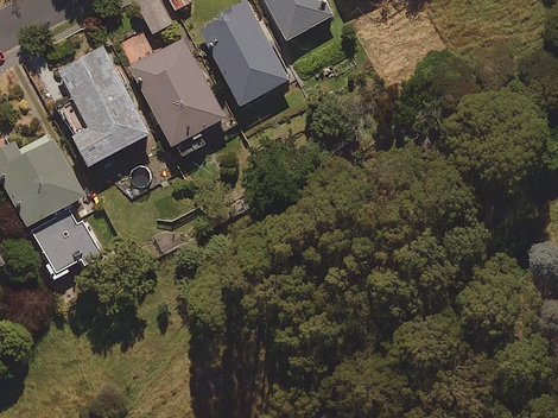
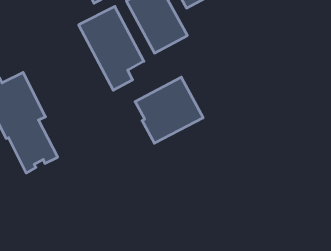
building: [56,45,148,166] -> none
building: none -> [135,77,203,143]

